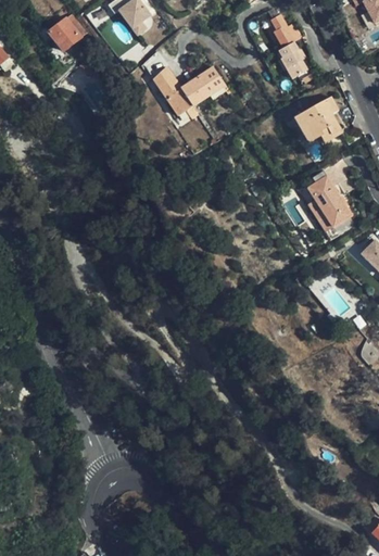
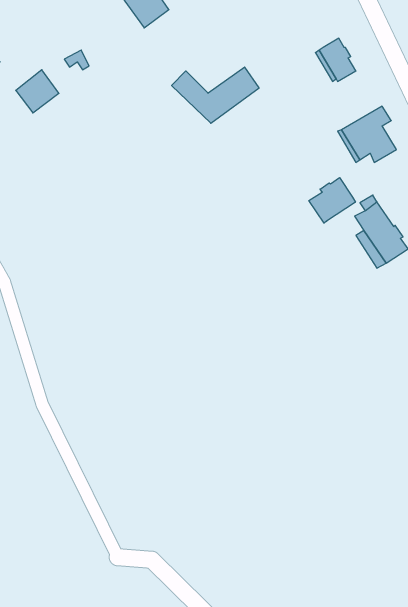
building: [270,13,303,47] -> none
building: [49,14,85,50] -> [16,70,59,113]
building: none -> [309,178,355,223]

